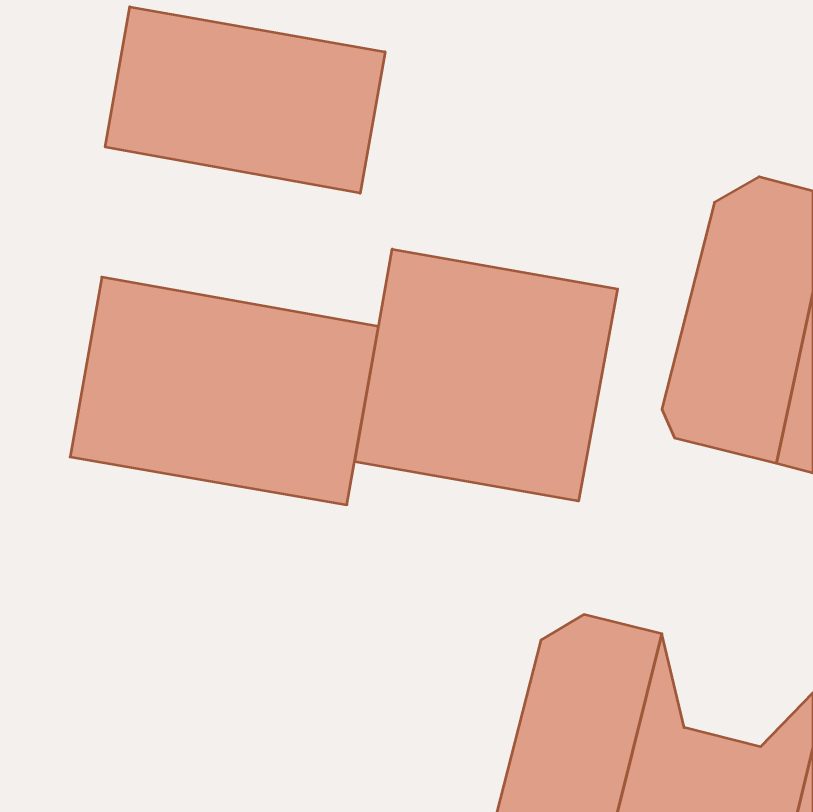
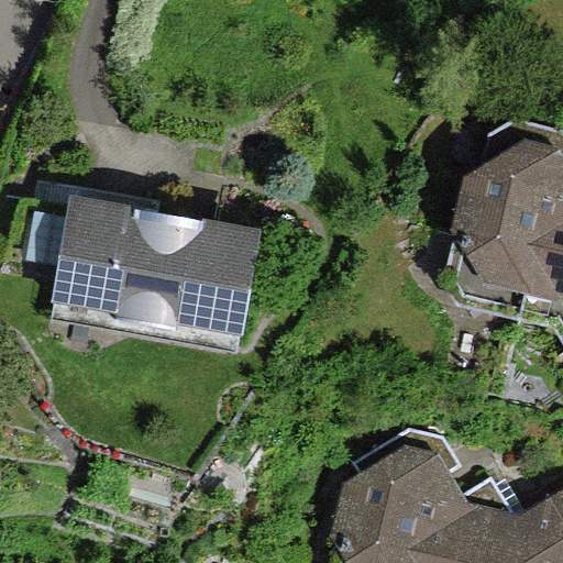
building: [105,7,385,193] -> none
building: [355,249,618,501] -> none

